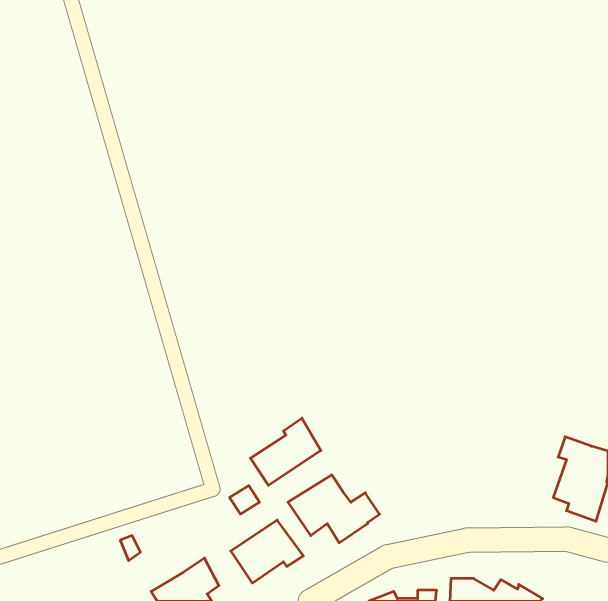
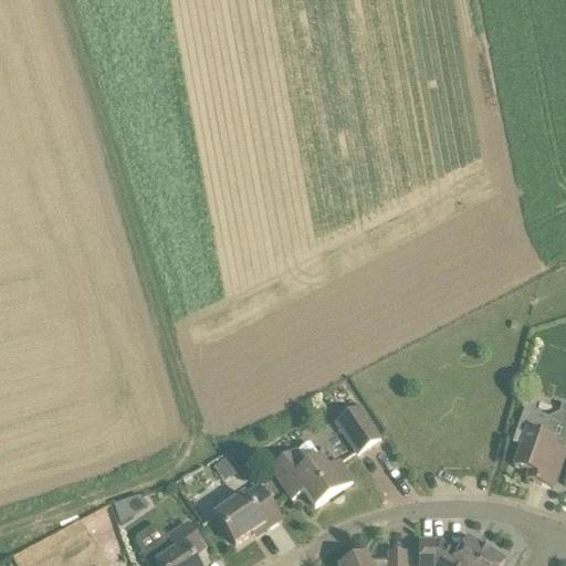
building: [250,418,321,485] -> none
building: none -> [336,403,380,450]

